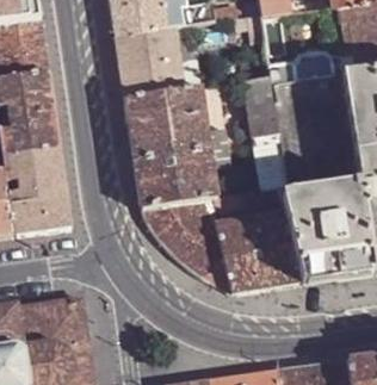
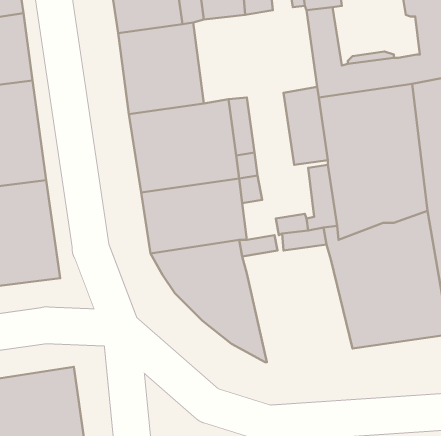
building: [216,213,298,293] -> none

